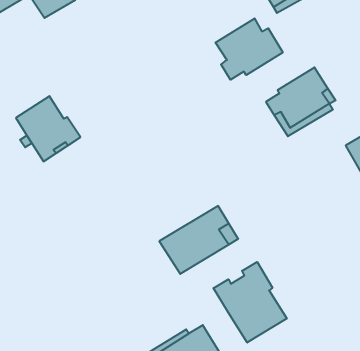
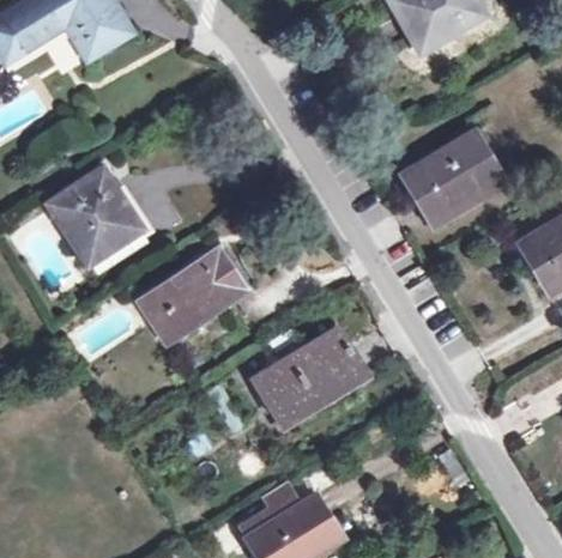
building: [216,18,283,80] -> none
building: none -> [143,249,248,339]
building: [213,262,287,343] -> none

